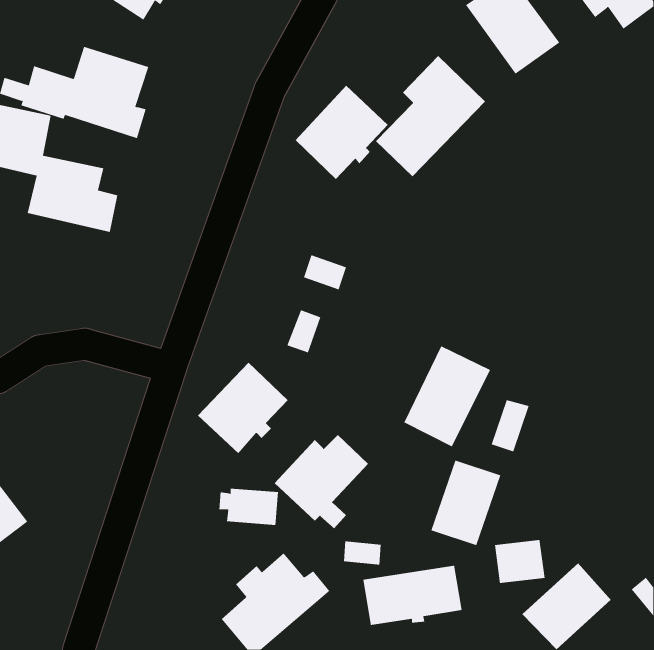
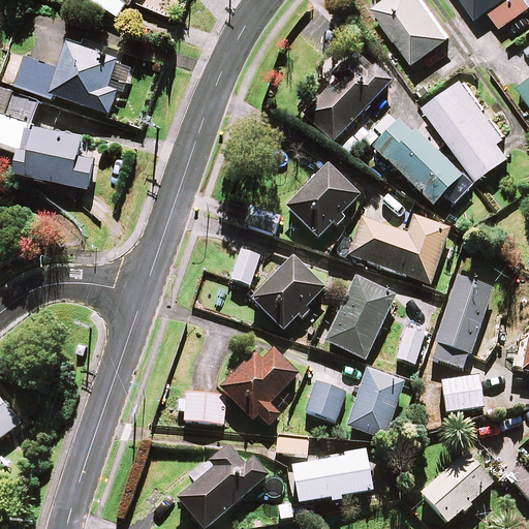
building: [295,85,389,180] -> [284,162,360,239]
building: none -> [426,76,509,177]
building: none -> [371,119,460,206]
building: none -> [349,216,448,283]
building: none -> [430,277,492,369]
building: [197,362,288,454] -> [250,256,323,331]
building: none -> [305,381,344,419]
building: [494,540,545,583] -> [441,377,483,412]

